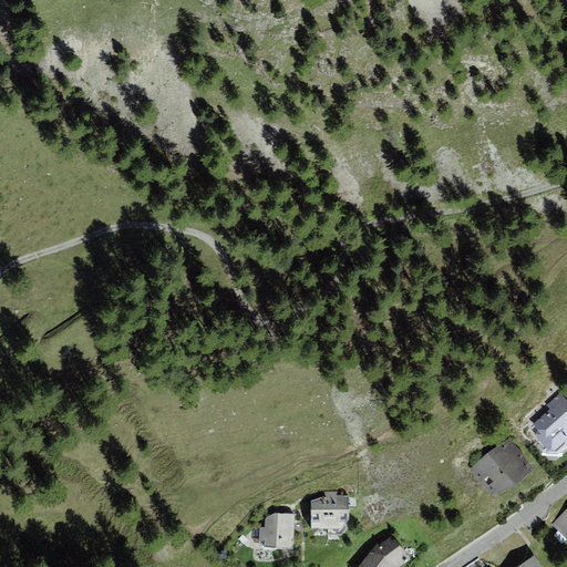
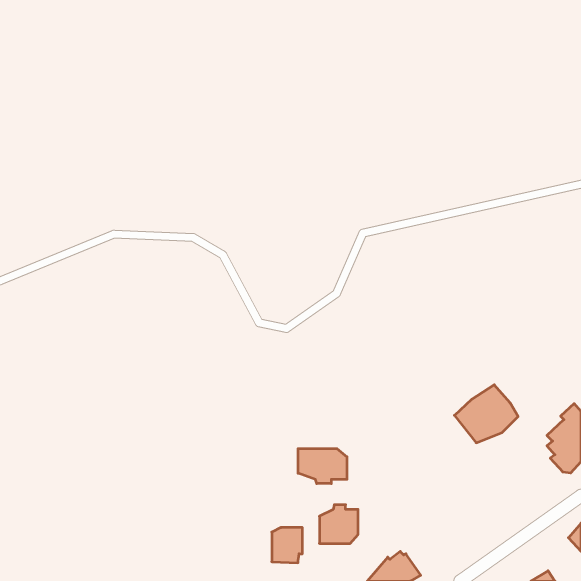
building: none -> [298,449,347,484]
building: [471,439,533,495] -> [454,385,518,443]

